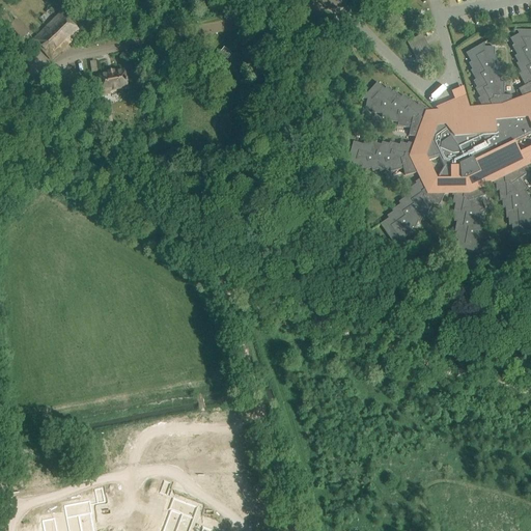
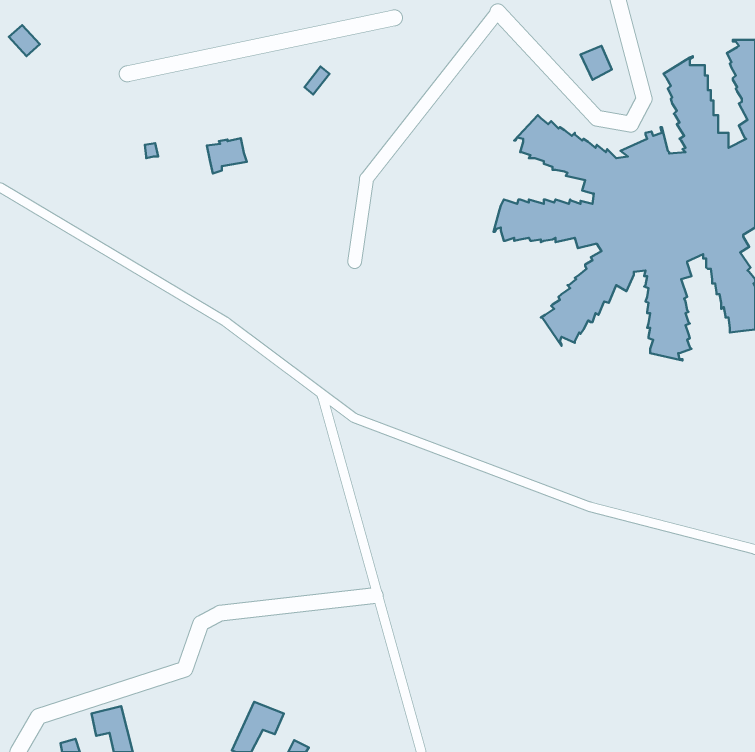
building: [33,11,80,58] -> none
building: [100,68,128,93] -> [207,138,247,174]

